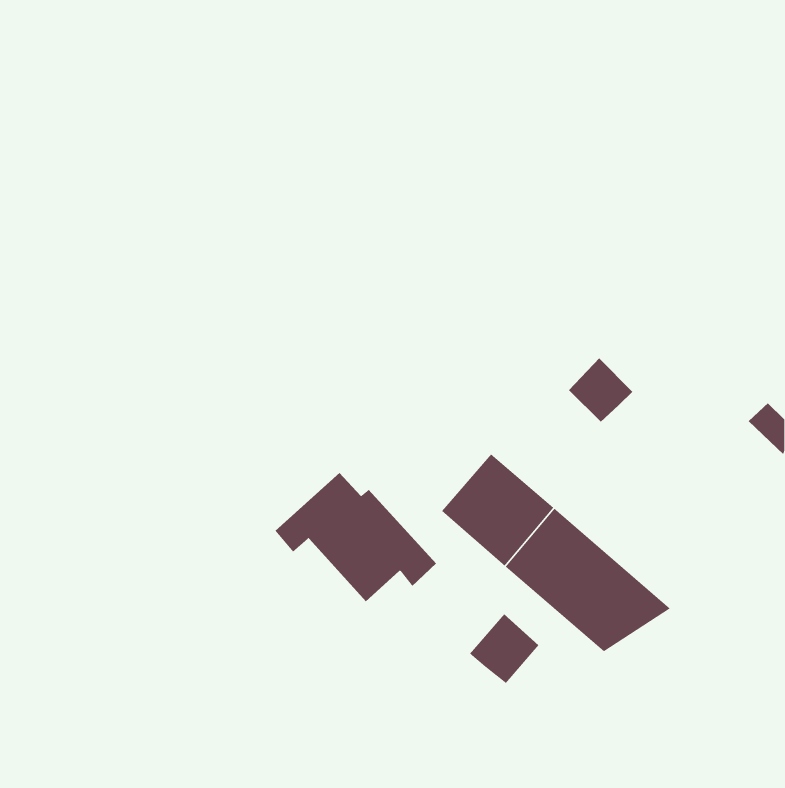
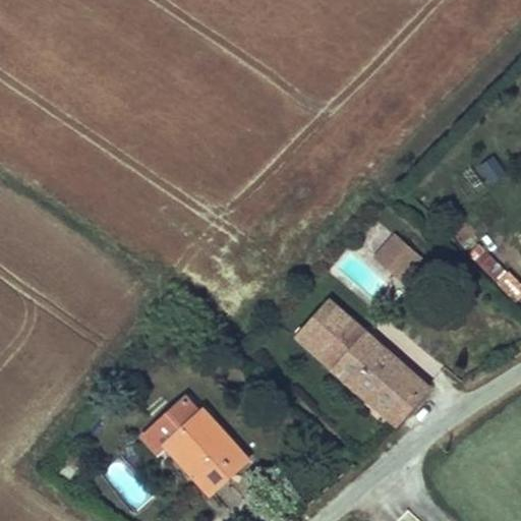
building: [274,472,437,602] -> [143,396,250,481]
building: [469,613,539,684] -> none

